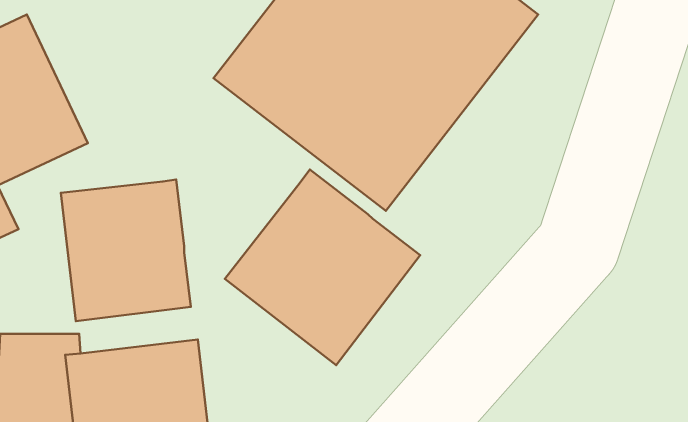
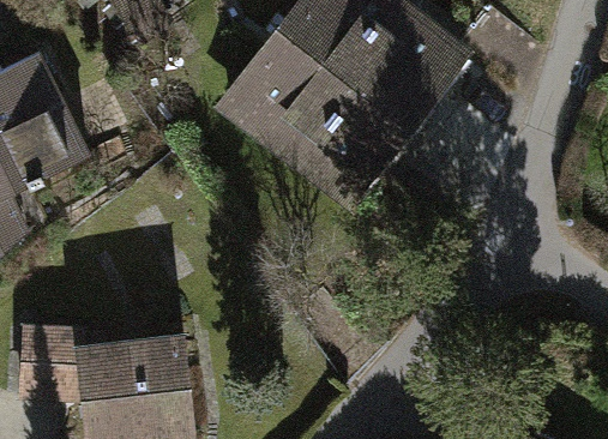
building: [225,170,420,365] -> none
building: [61,180,191,321] -> none

